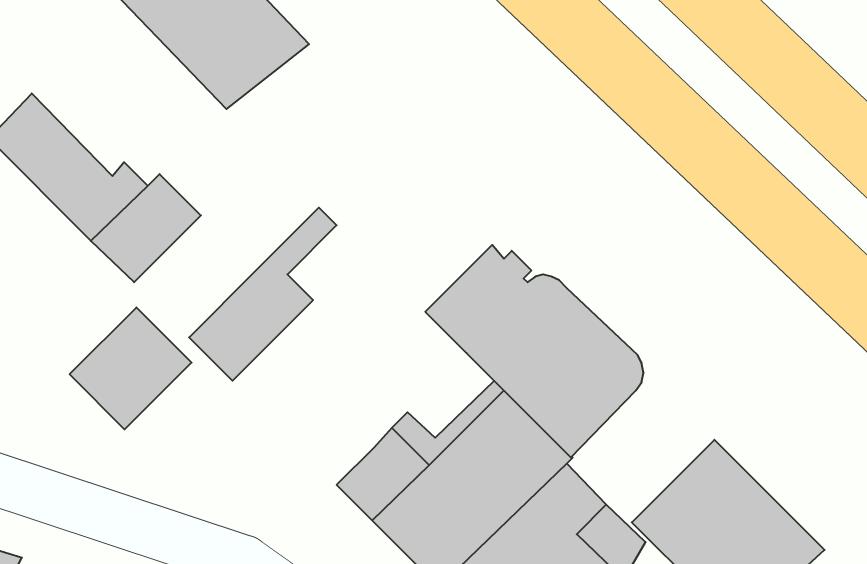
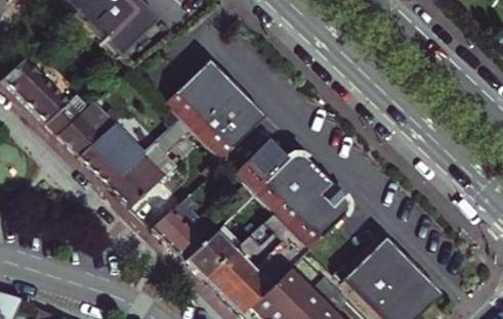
building: none -> [161,58,262,158]
building: [70,307,192,429] -> [81,122,144,185]
building: none -> [155,210,206,262]

